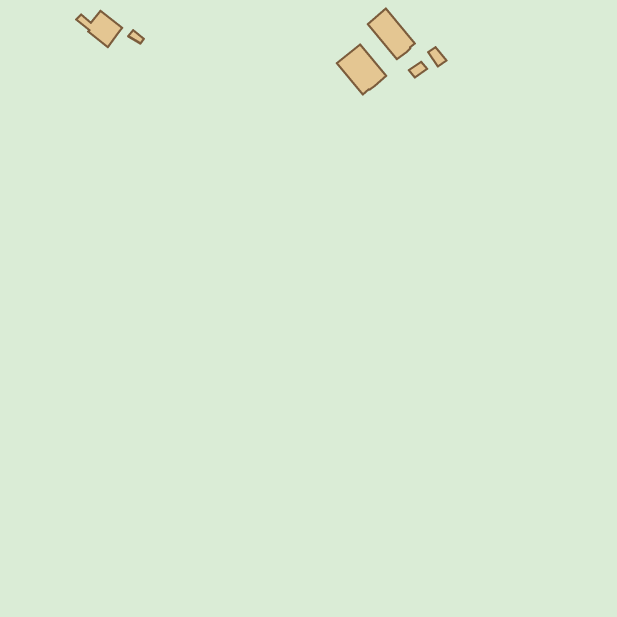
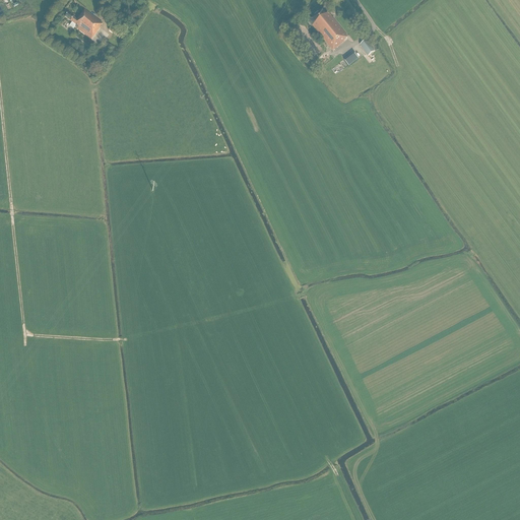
building: [337,44,386,95] -> none

